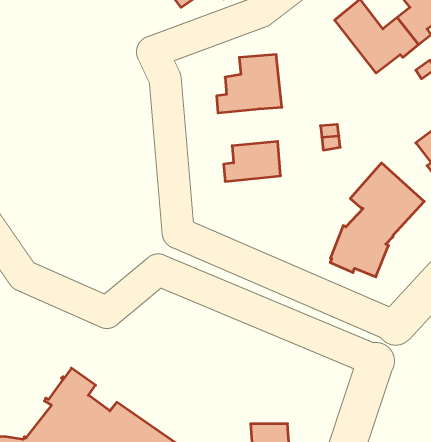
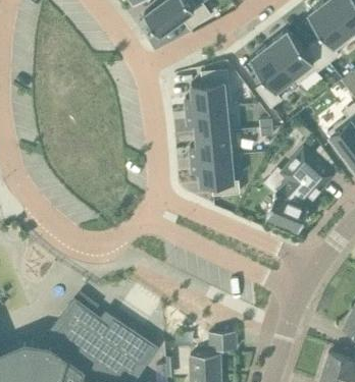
building: none -> [249,47,299,110]
building: none -> [186,109,232,137]
building: none -> [191,158,240,198]

